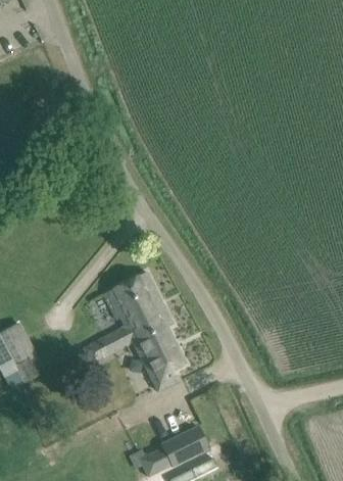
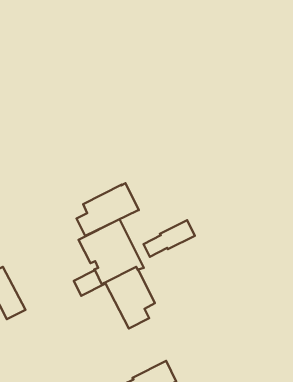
building: none -> [76,183,139,236]
building: none -> [144,220,195,257]

